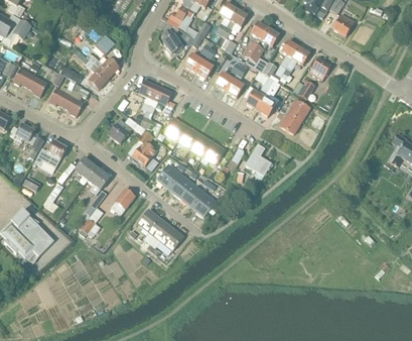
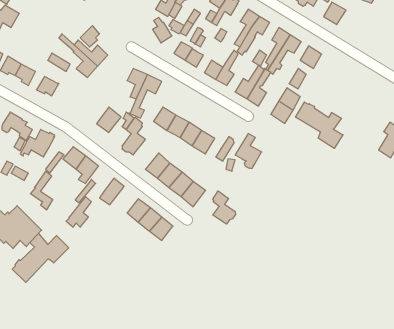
building: [63,83,89,116] -> none
building: none -> [295,102,343,148]
building: none -> [213,191,236,224]
building: none -> [12,234,69,282]

